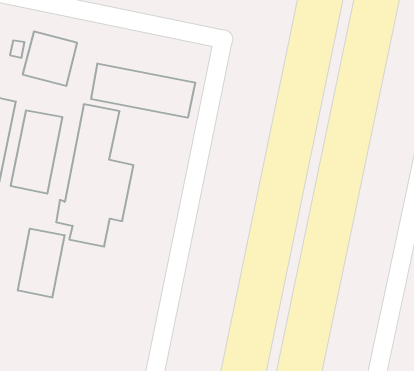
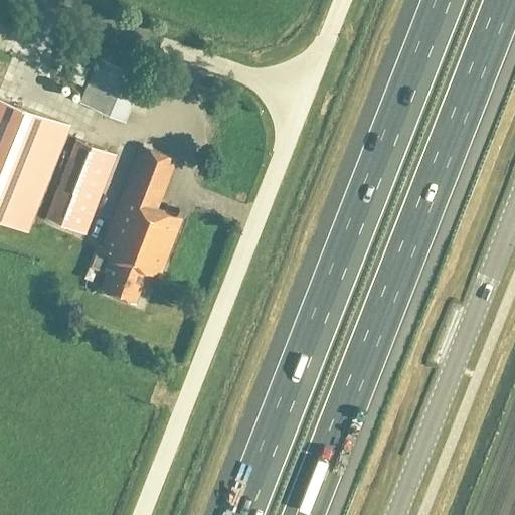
building: [91,63,195,118] -> none
building: [18,229,65,298] -> none

